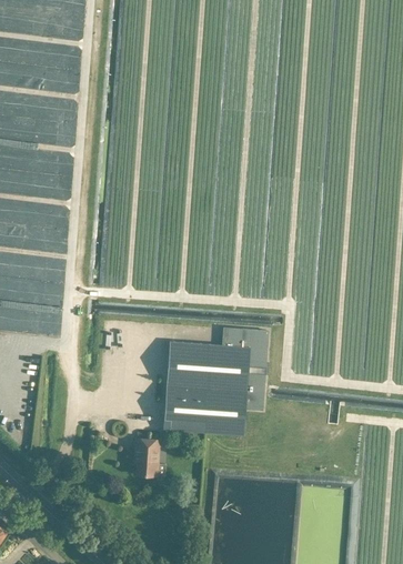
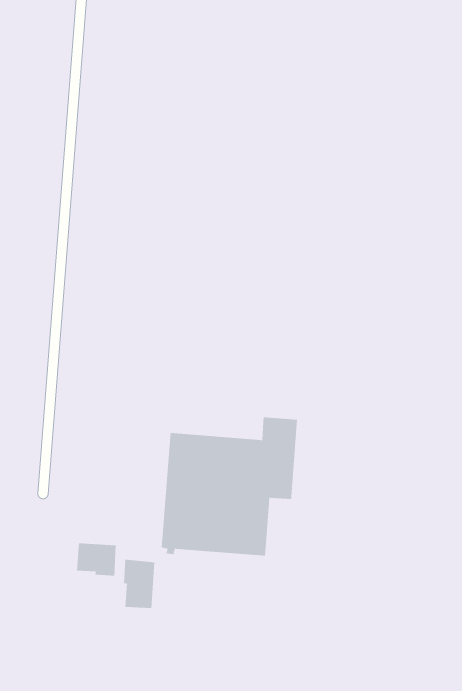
building: none -> [76,542,116,577]

